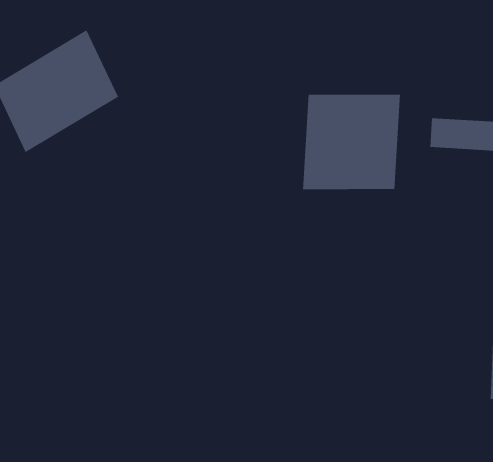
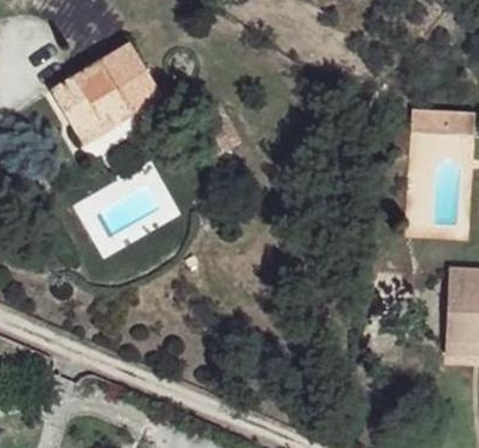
building: [303,94,401,190] -> none

